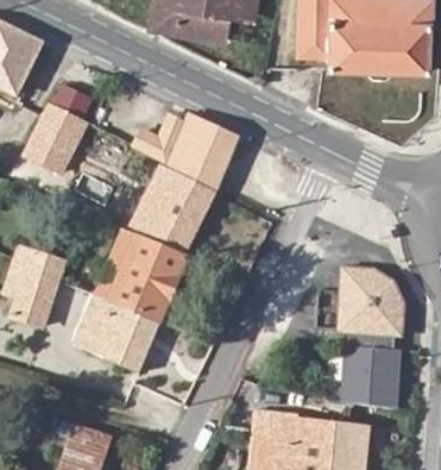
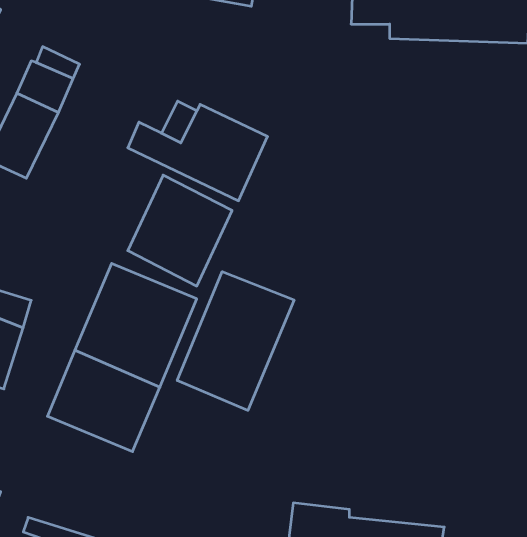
building: none -> [177,272,294,410]
building: [335,265,402,406] -> none

